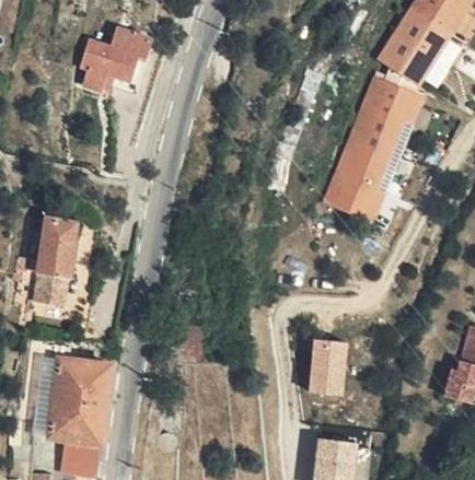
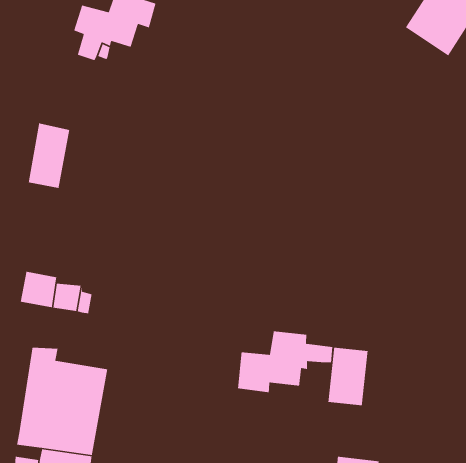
building: [327,78,421,220] -> none
building: [37,220,76,280] -> [28,122,70,189]
building: none -> [237,331,333,393]

